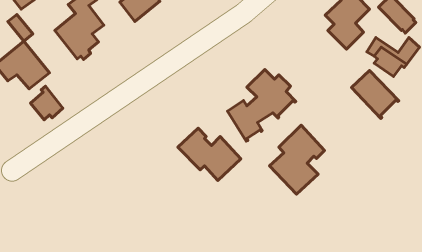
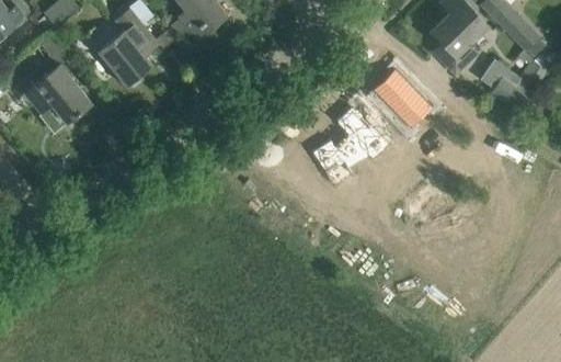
building: [352,71,399,118] -> [373,69,431,128]
building: [30,86,63,120] -> none
building: [269,125,325,194] -> none
building: [178,128,241,180] -> none

